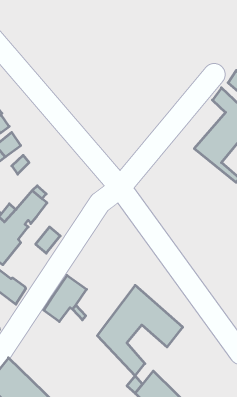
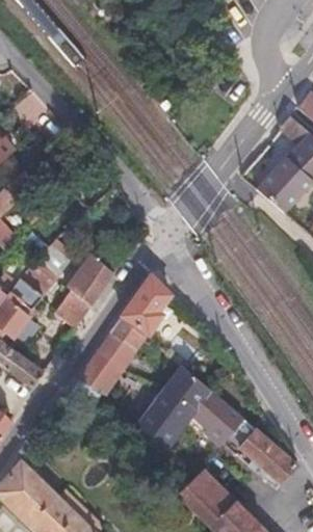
building: none -> [68,252,114,303]
building: none -> [97,273,174,370]
building: none -> [224,418,295,486]

